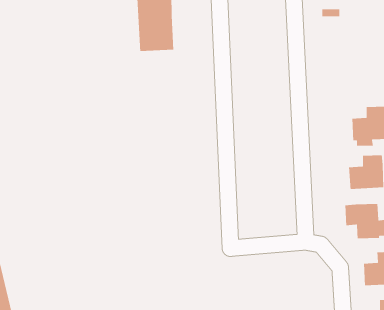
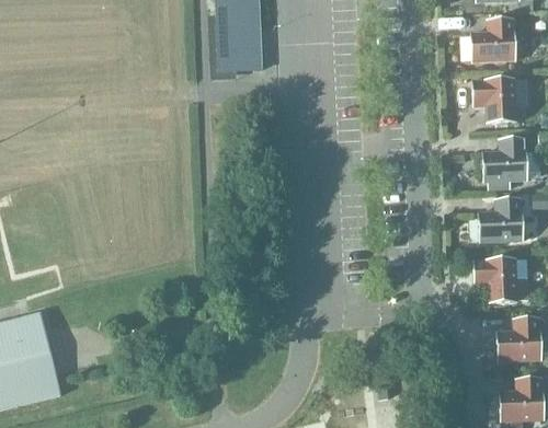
building: none -> [470,18,515,62]
building: none -> [472,78,516,123]

